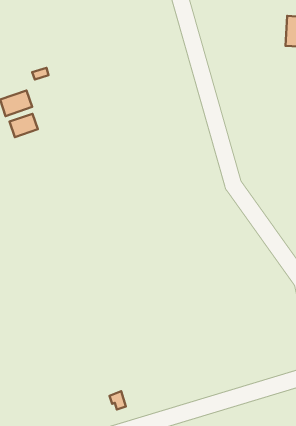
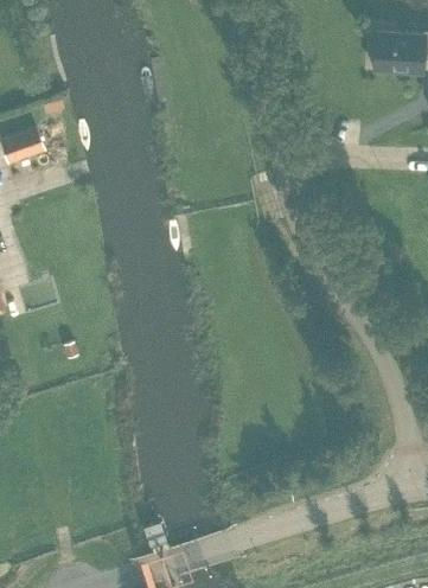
building: [9,114,38,137] -> none

